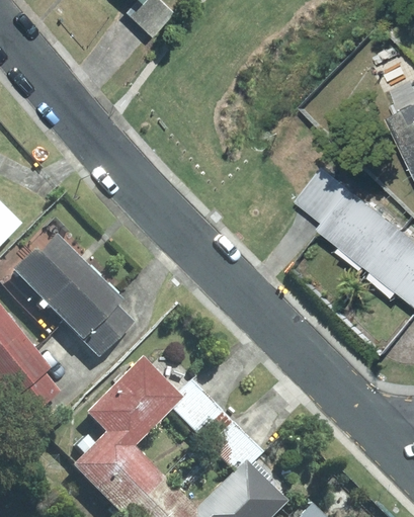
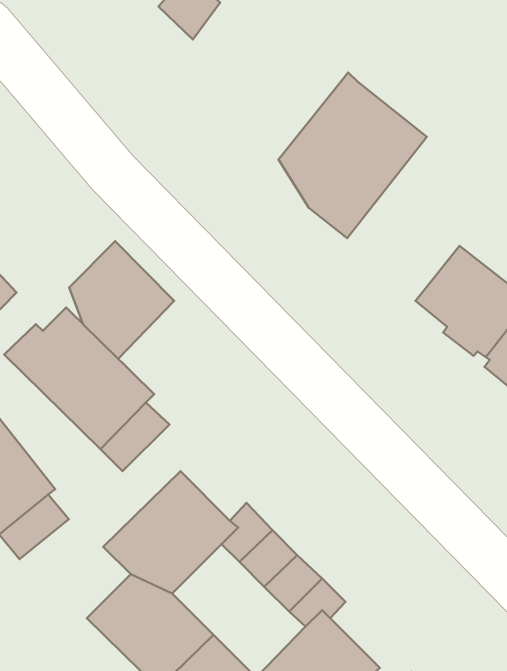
building: none -> [278,72,427,238]
building: [294,168,348,225] -> none
building: none -> [69,241,174,359]

